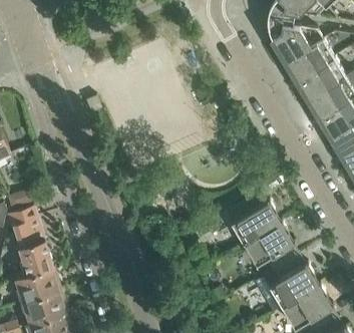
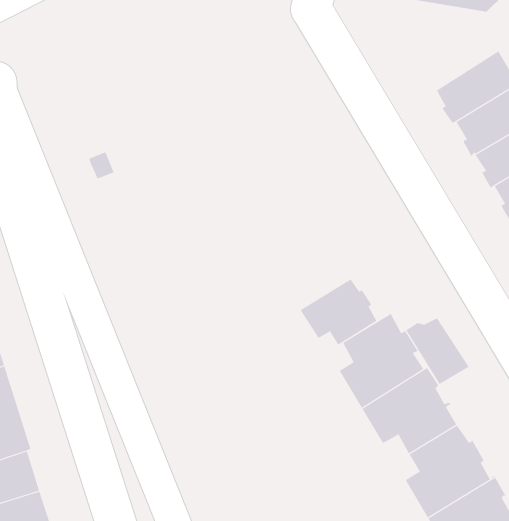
building: [266,20,322,62] -> none
building: none -> [300,276,377,345]
building: none -> [406,318,470,385]

